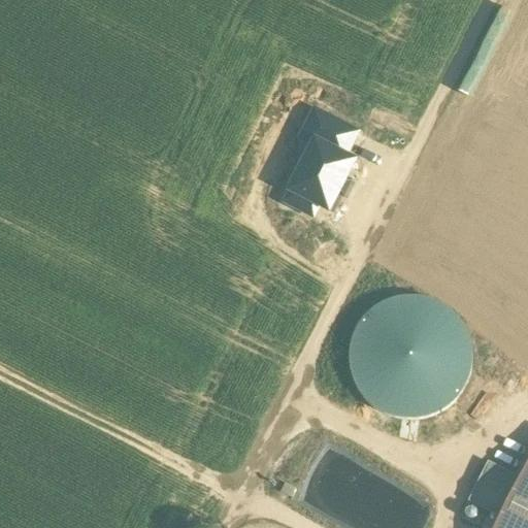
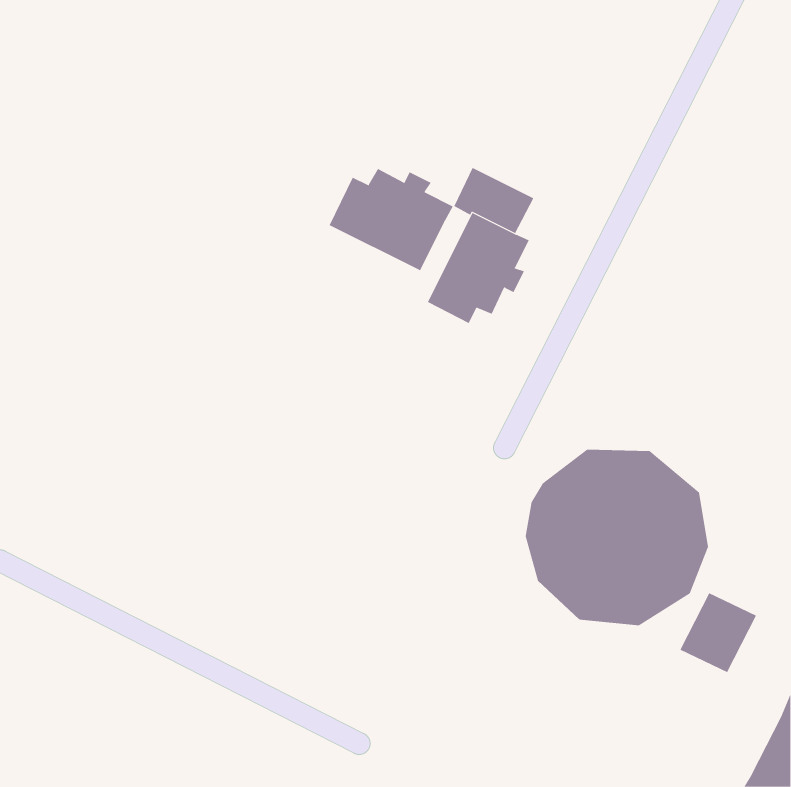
building: none -> [329,168,454,271]
building: [468,462,520,516] -> [679,592,757,673]

